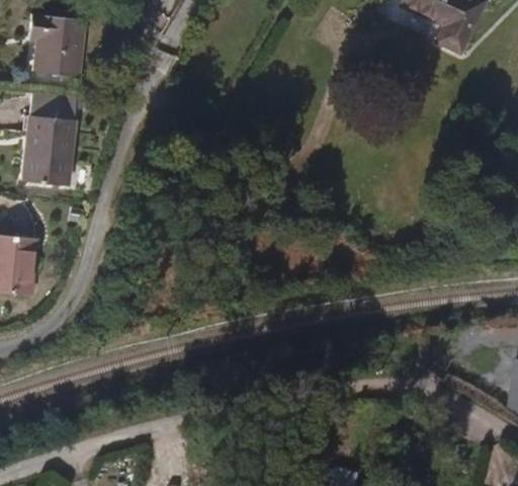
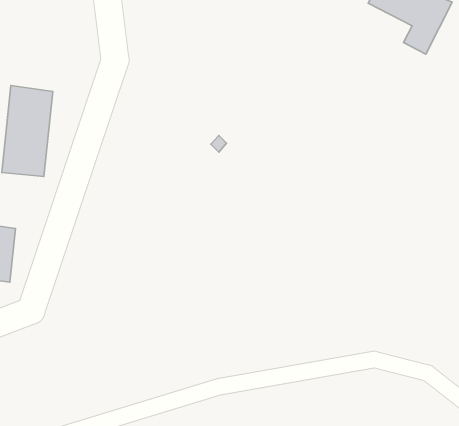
building: [28,13,83,75] -> none

